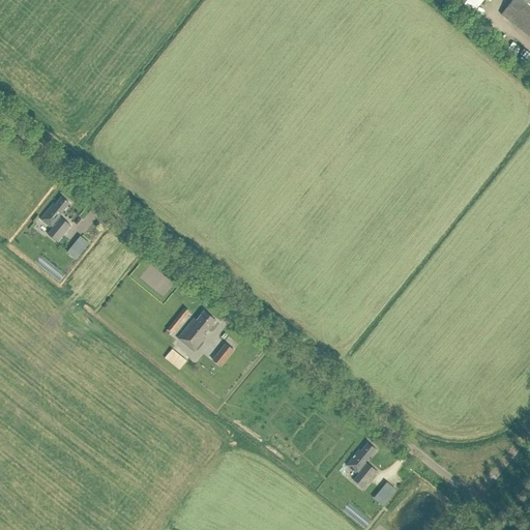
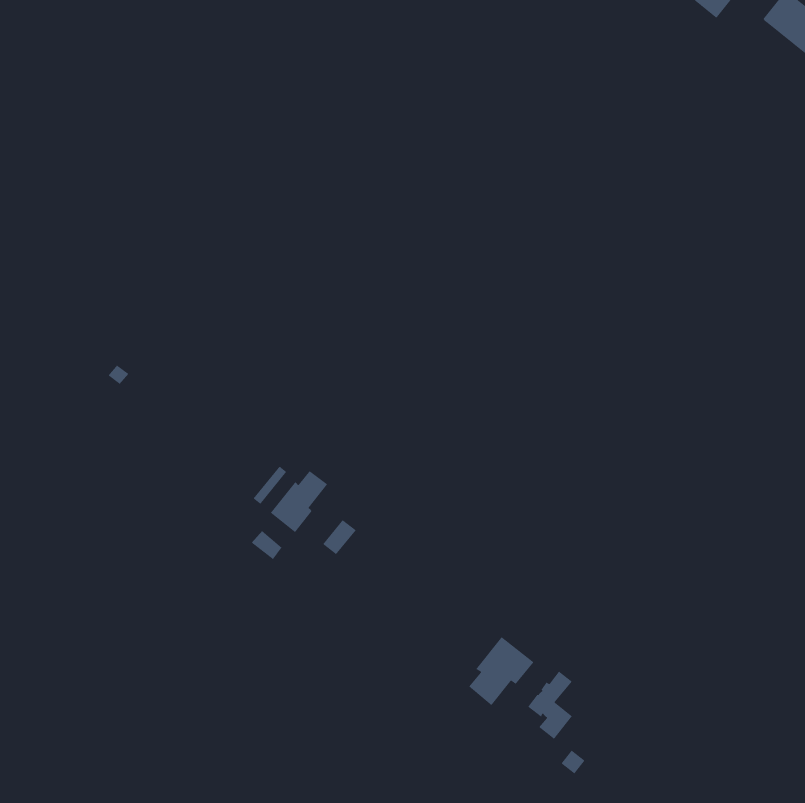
building: [41,195,71,240] -> none
building: none -> [468,636,534,706]

